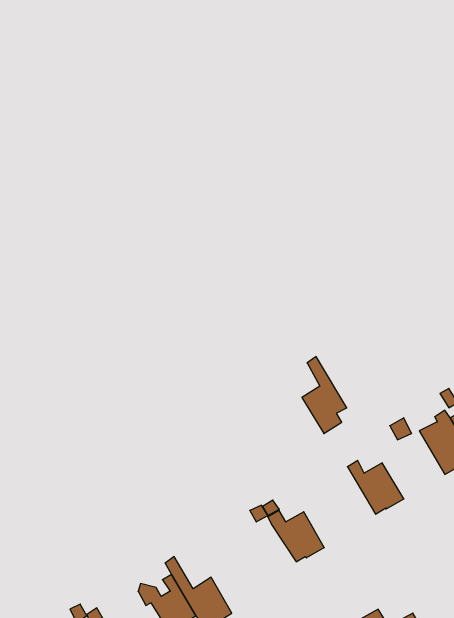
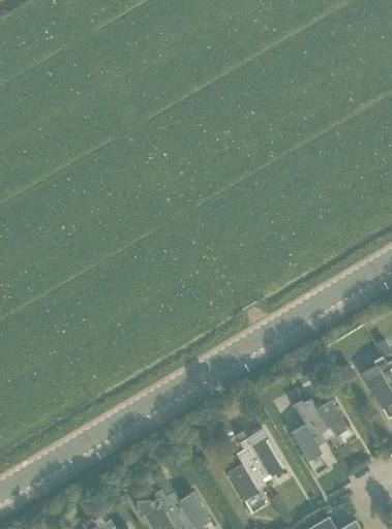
building: [302,357,347,434] -> [290,400,326,462]
building: none -> [227,449,266,501]

